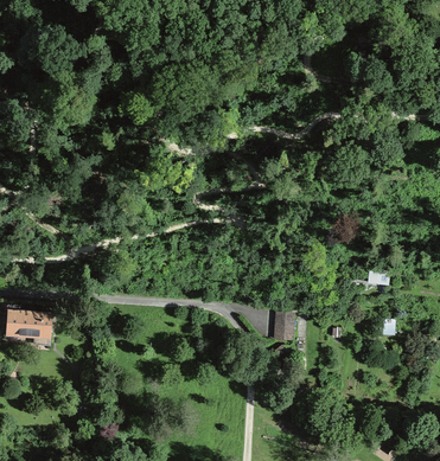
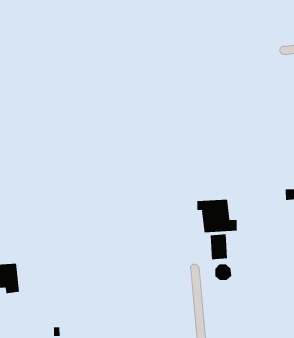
building: none -> [197,199,237,233]

